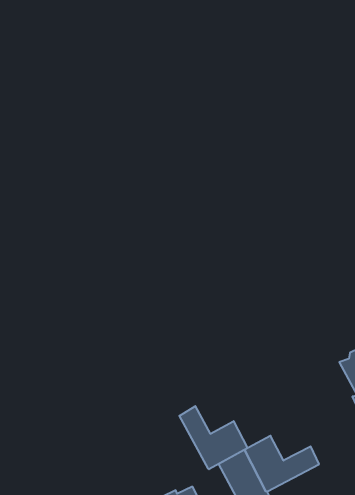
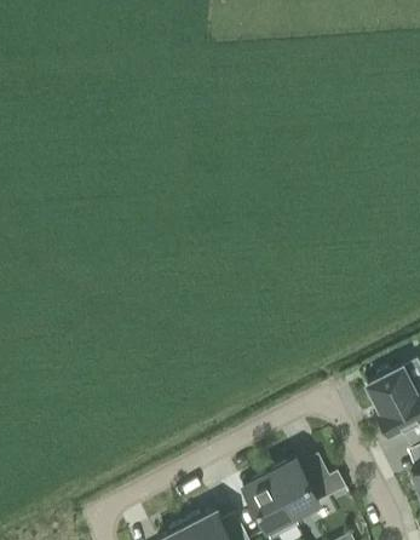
building: [179,406,248,469] -> none

